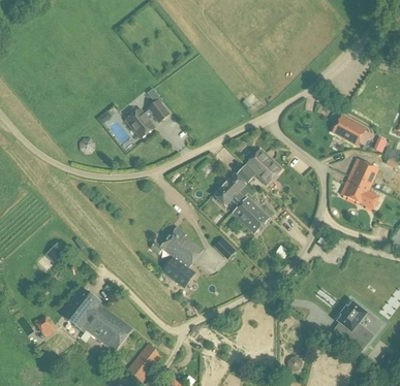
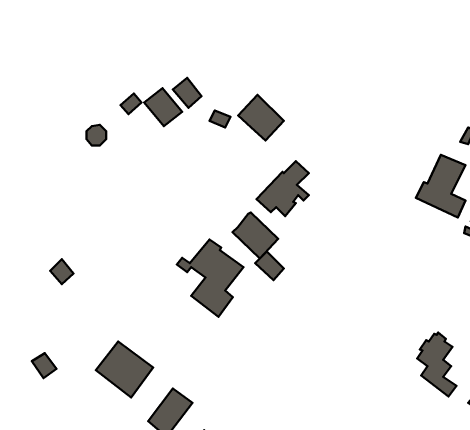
building: [331,115,364,143] -> none
building: [244,148,280,184] -> [238,95,284,140]
building: [232,196,268,232] -> [233,213,278,258]
building: [64,290,103,329] -> none

